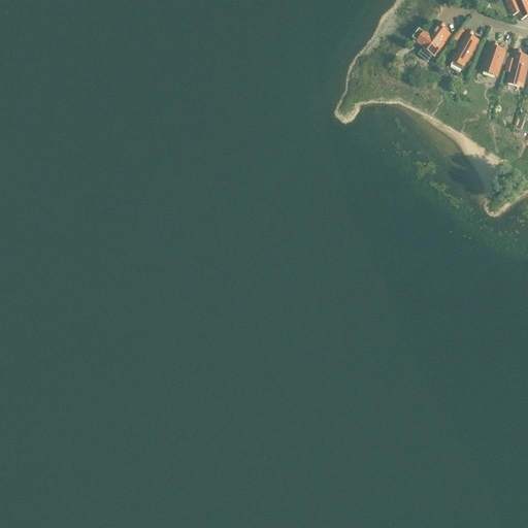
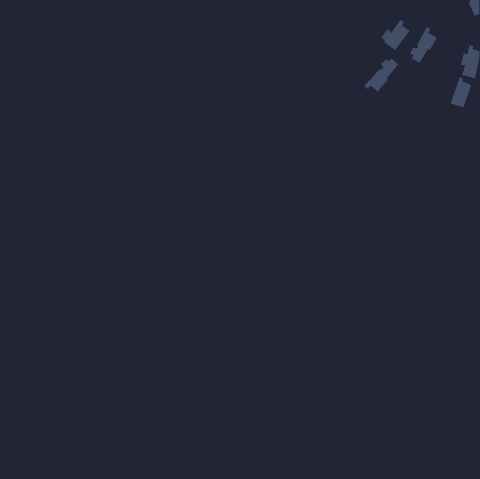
building: [482,41,506,76] -> [450,76,472,108]
building: none -> [364,57,399,93]

